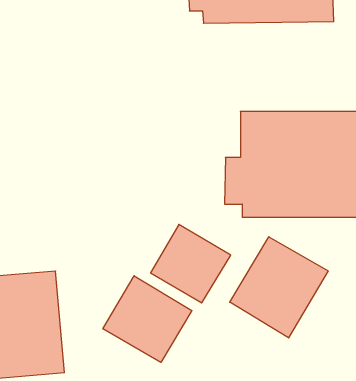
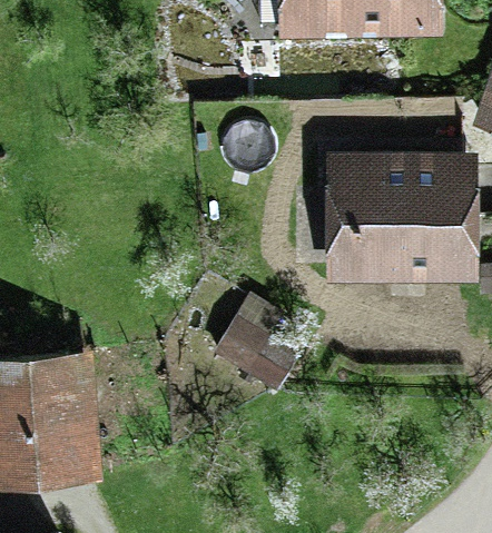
building: [230,237,328,338] -> none
building: [103,276,192,362] -> none

